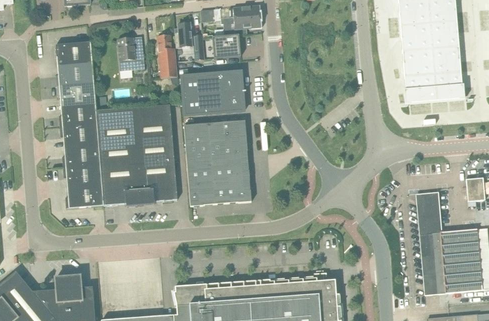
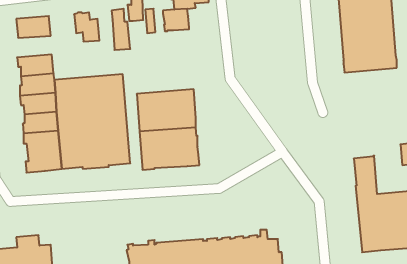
building: [55,63,93,86] -> none
building: [181,71,245,115] -> none

